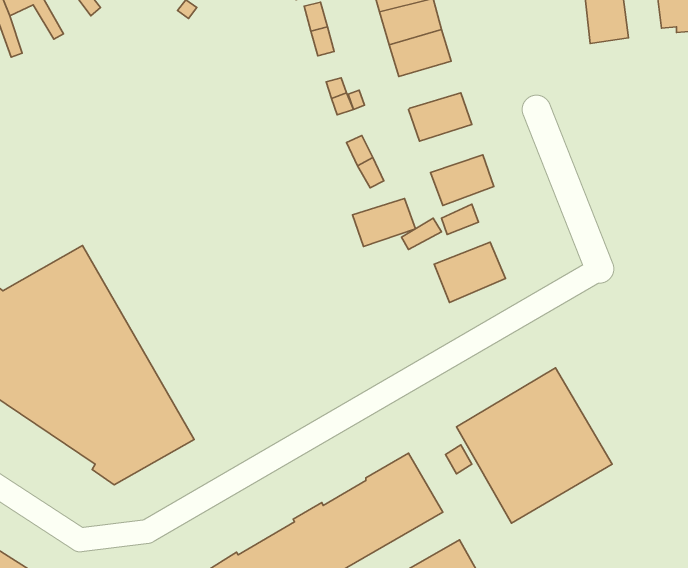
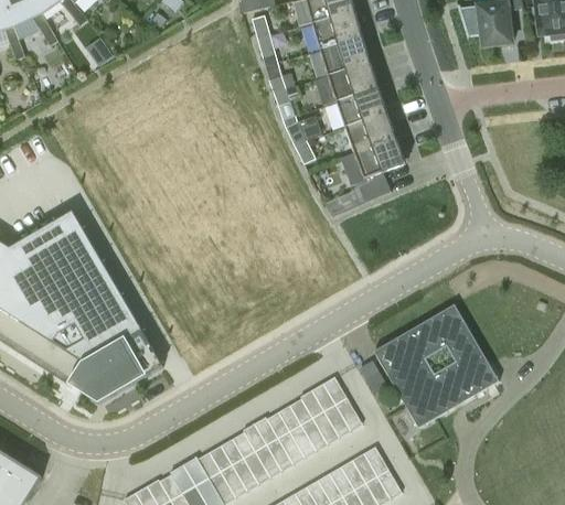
building: none -> [327,62,376,100]
building: [352,198,416,247] -> [343,112,394,151]
building: [434,242,505,303] -> none

